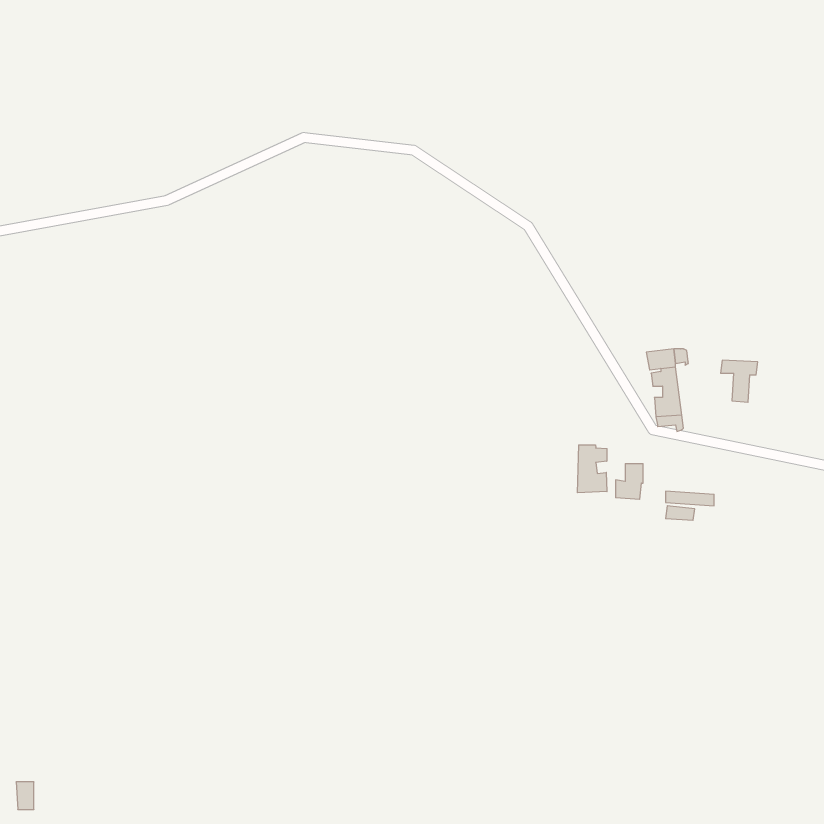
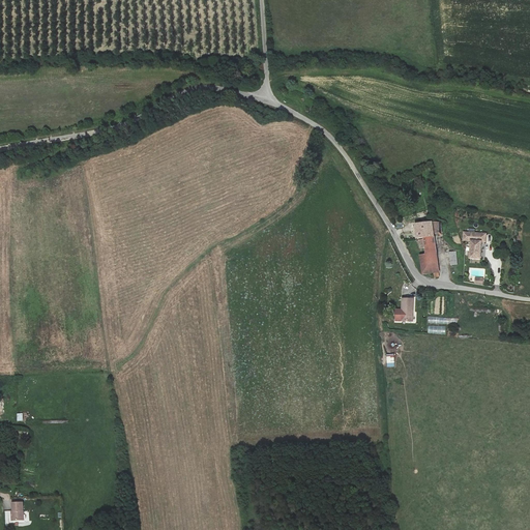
building: [578,445,607,493] -> none

